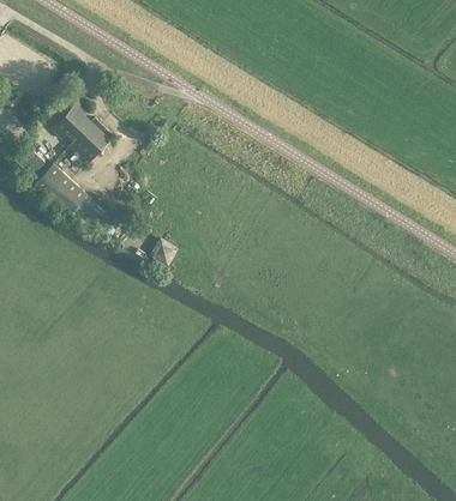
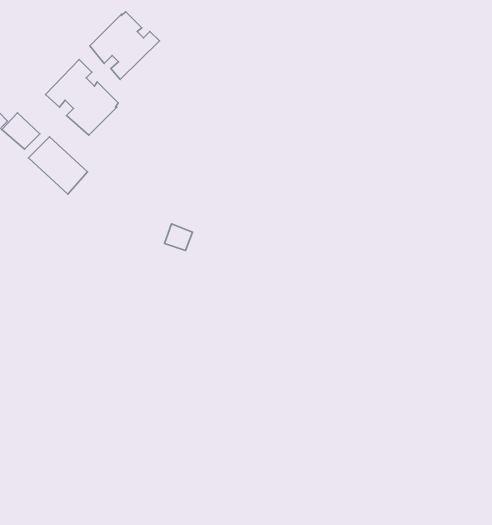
building: none -> [90,12,159,79]

